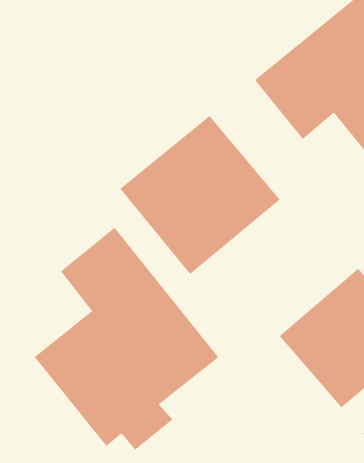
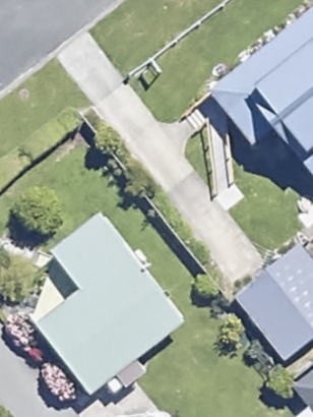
building: [119,115,281,275] -> none

